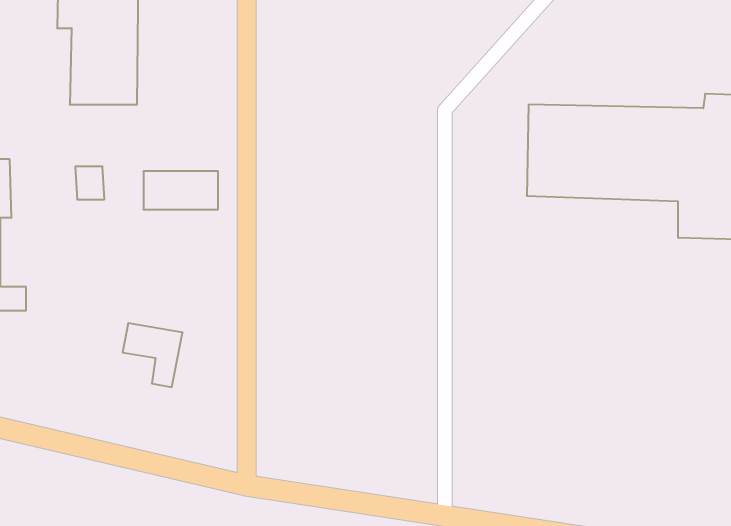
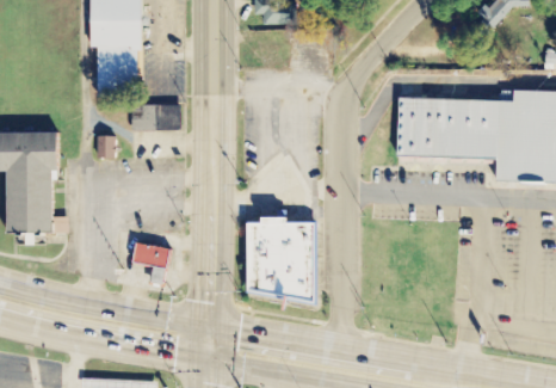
building: [143,171,218,209] -> [130,103,179,128]
building: none -> [243,217,315,296]

